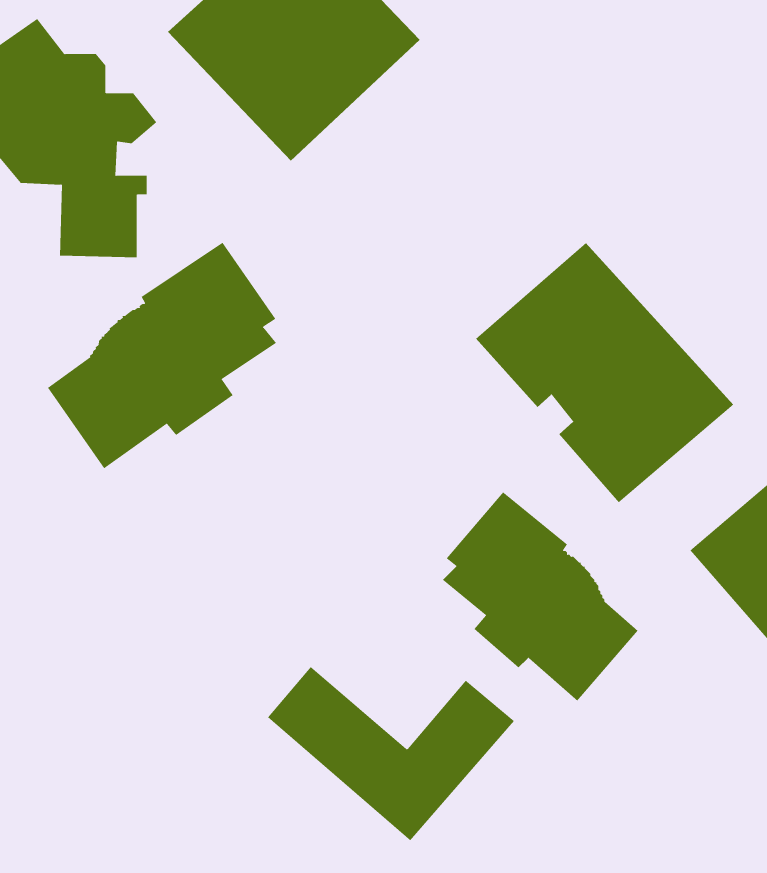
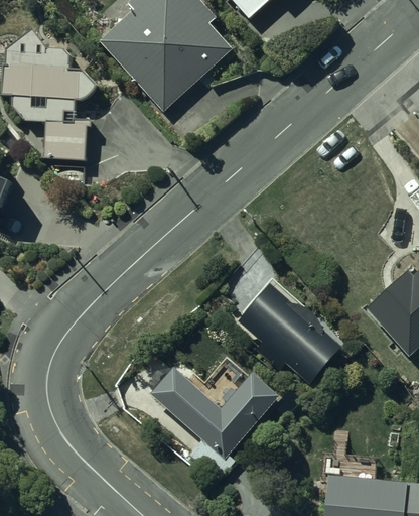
building: [47,242,277,469] -> none
building: [475,242,734,503] -> none

